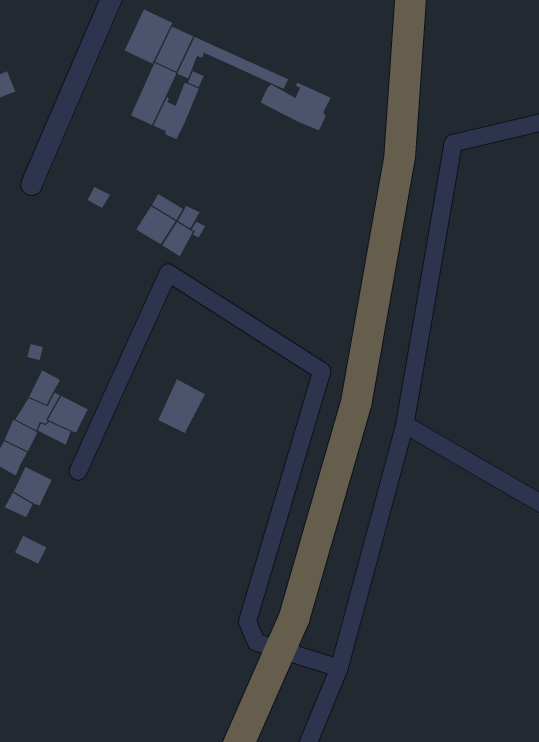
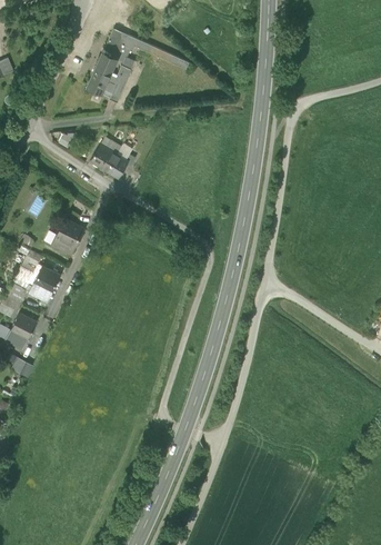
building: [124,9,173,65] -> none
building: [260,82,332,131] -> none
building: [158,379,206,434] -> [52,219,83,255]

